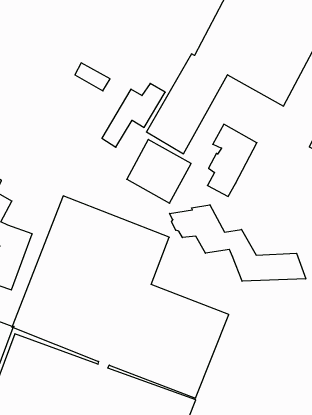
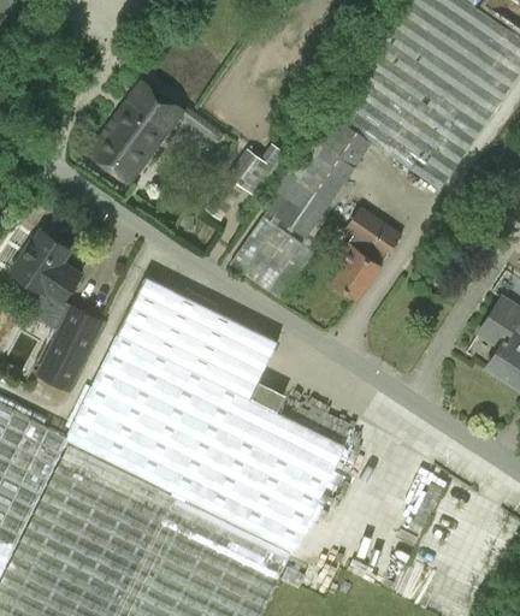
building: none -> [88,79,183,183]
building: [170,205,306,281] -> none

